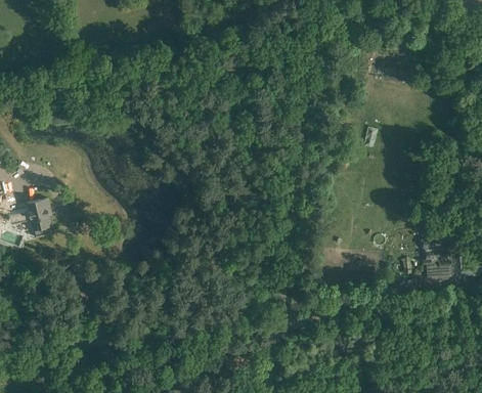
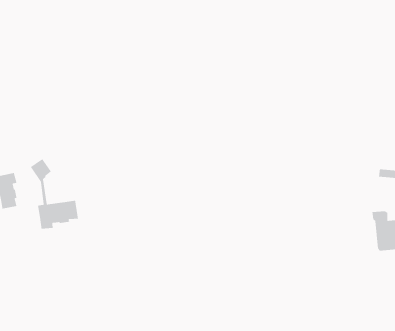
building: none -> [30,158,79,229]

